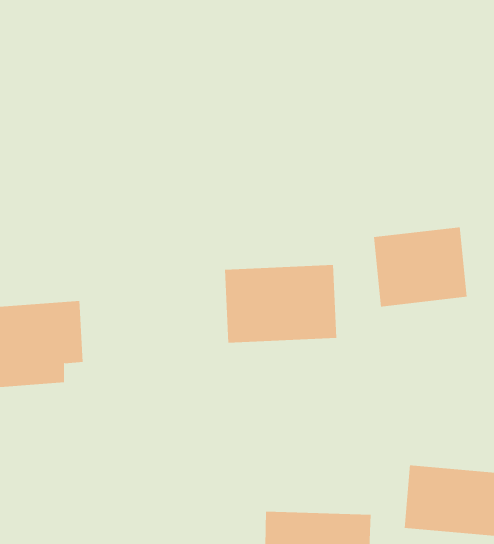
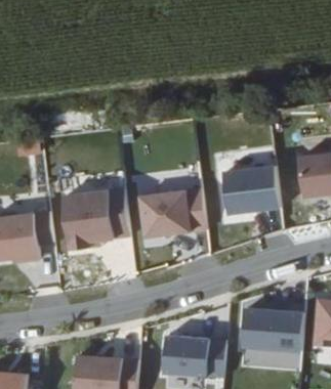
building: none -> [57,189,128,245]

